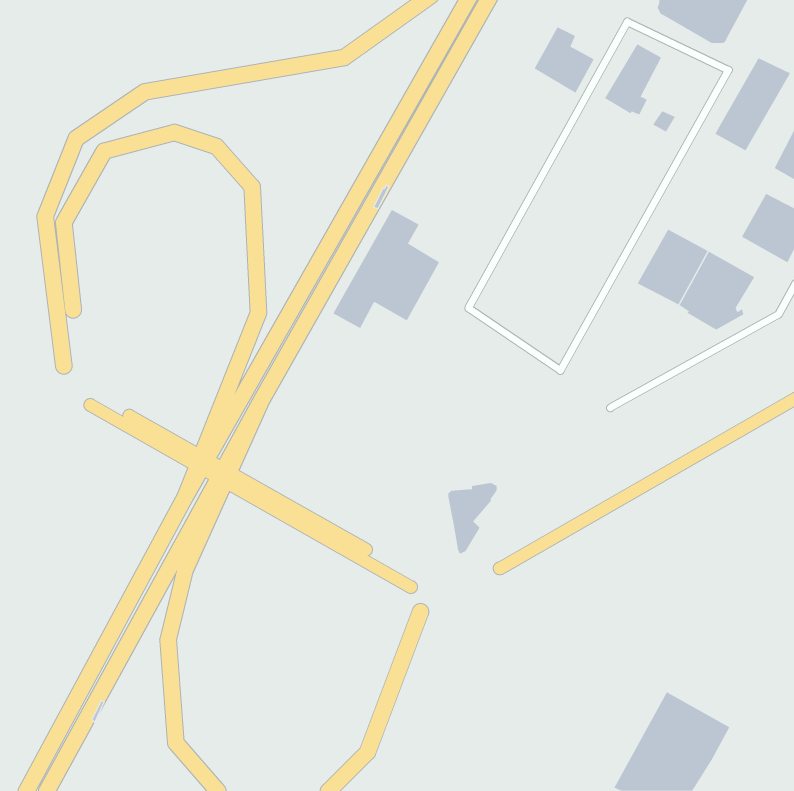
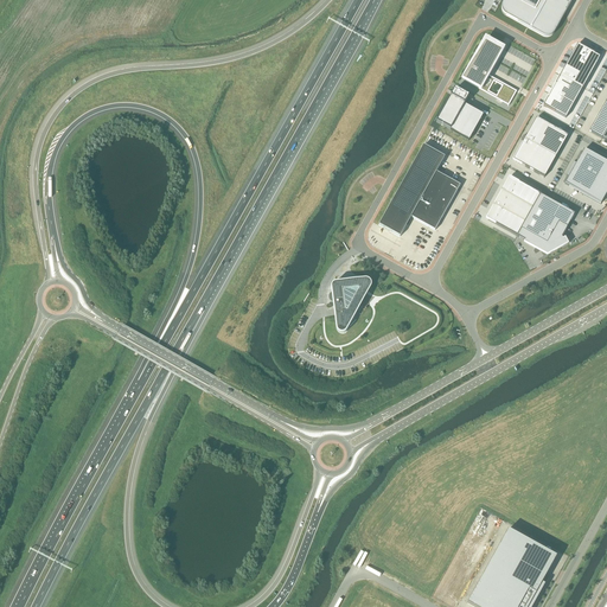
building: [534,26,595,93] -> [437,87,484,138]
building: none -> [513,115,568,174]
building: [332,209,440,329] -> [379,142,461,234]
building: [448,483,497,554] -> [333,276,371,331]

